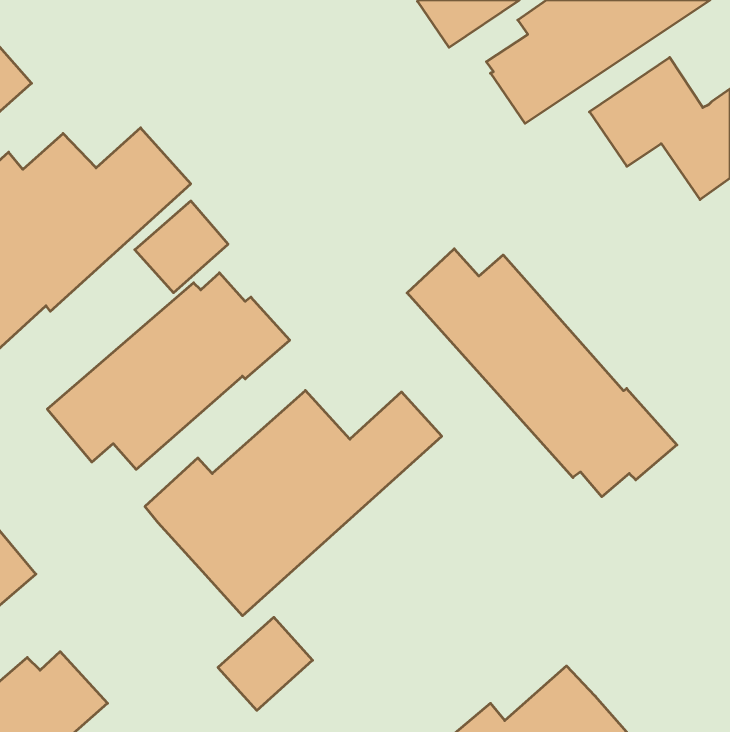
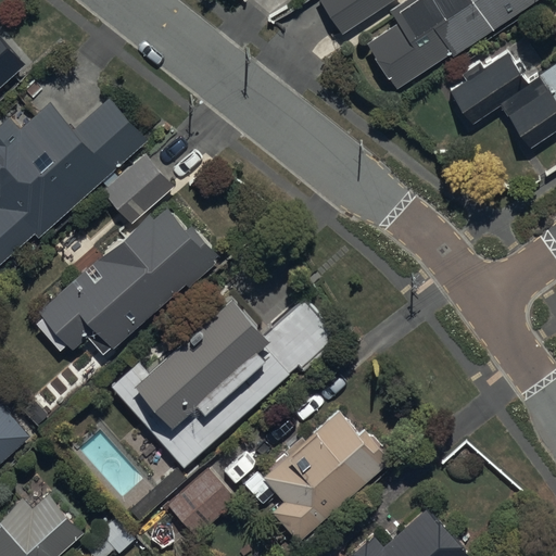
building: [407,249,677,497] -> none
building: none -> [264,410,390,541]

